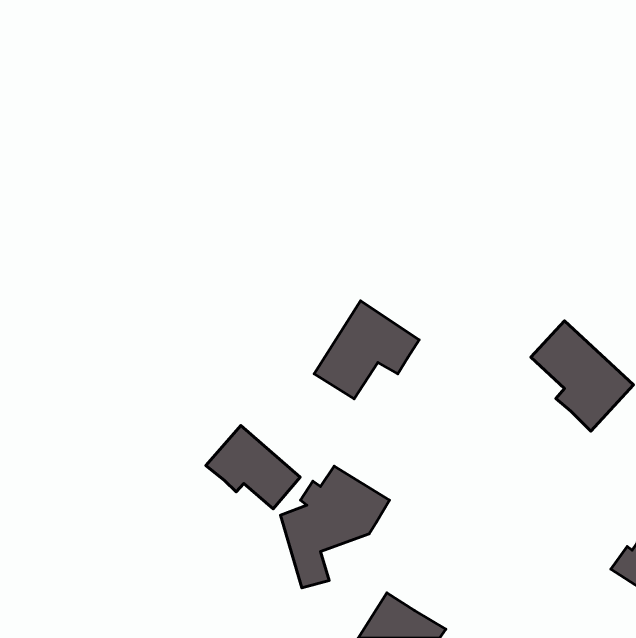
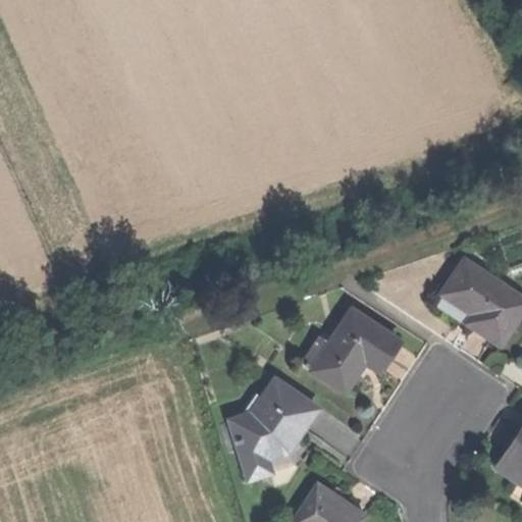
building: [314,301,419,399] -> [315,309,401,388]
building: [206,426,300,509] -> none

